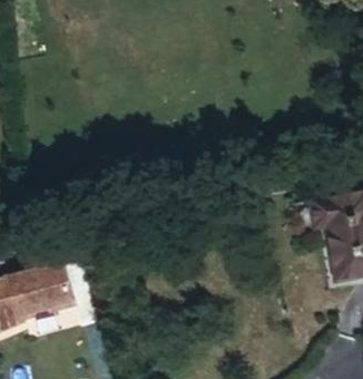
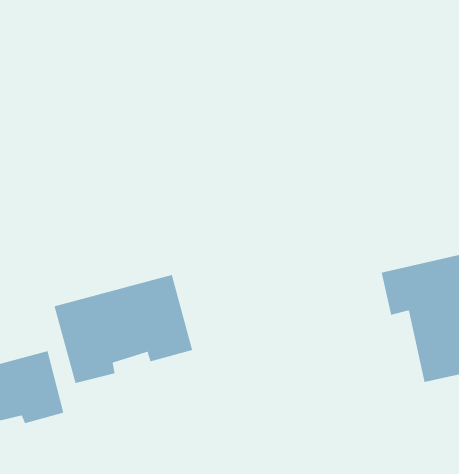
building: none -> [54,274,193,384]

